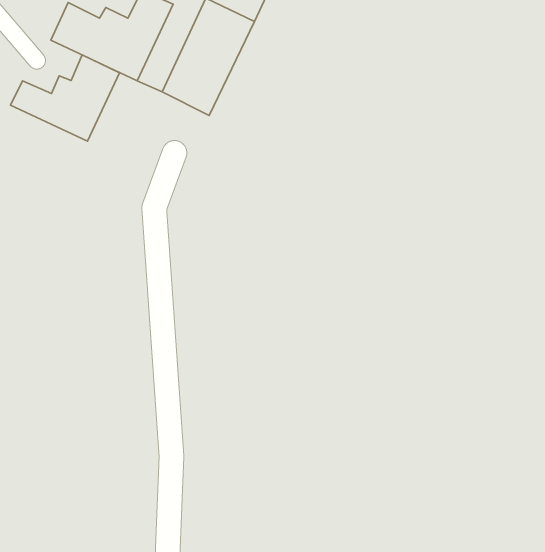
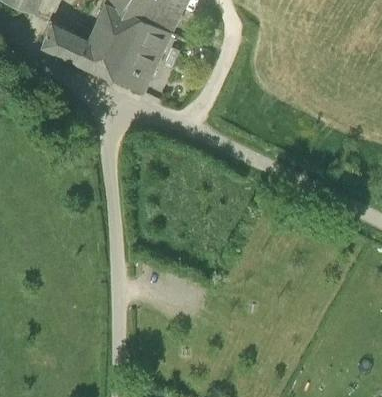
building: [11,55,119,141] -> none

